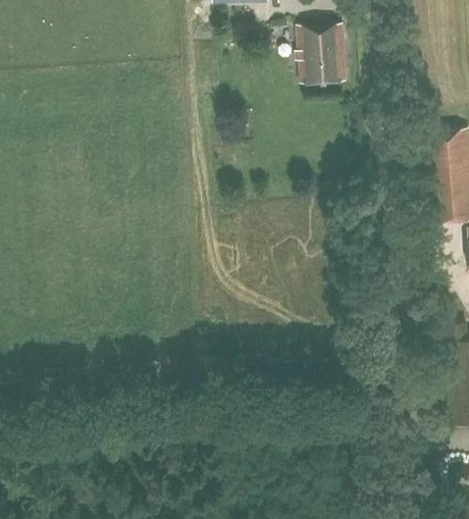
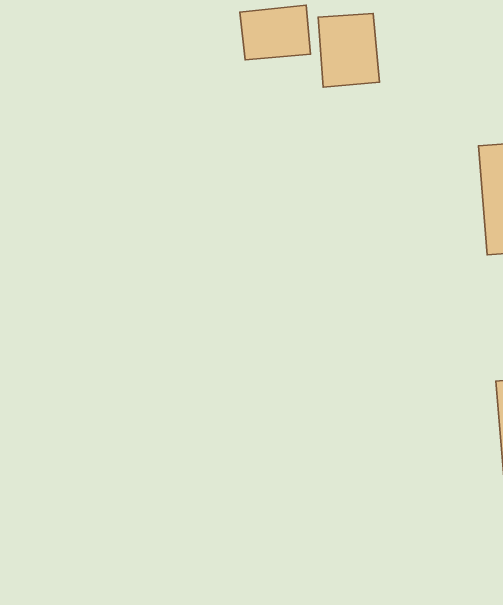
building: none -> [240,5,311,60]

